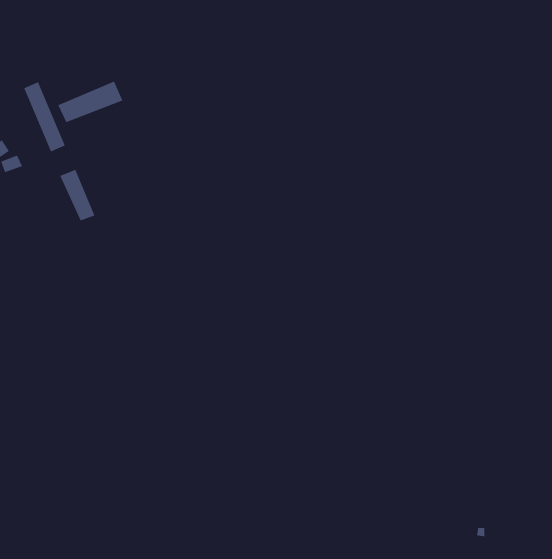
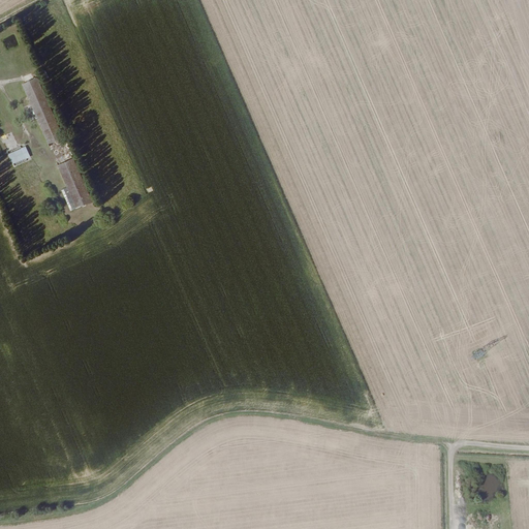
building: [57,81,124,123] -> none

